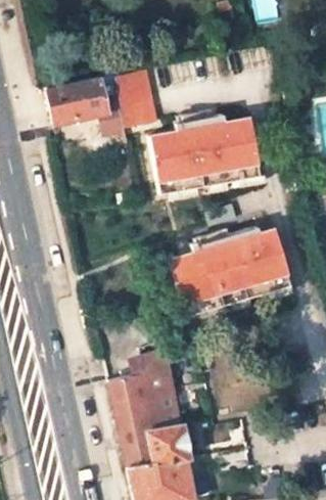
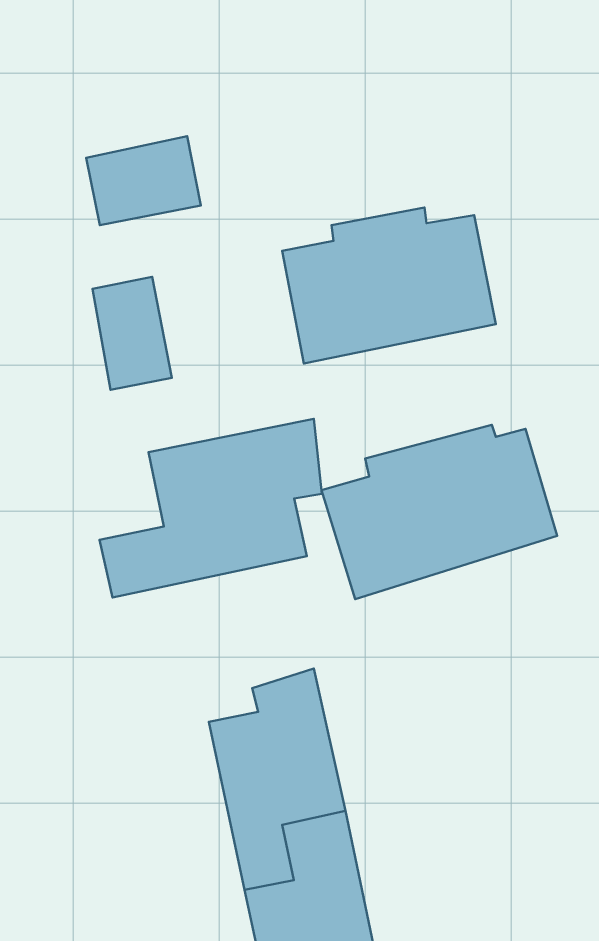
building: [115,69,156,127] -> [93,277,172,390]
building: none -> [100,419,322,597]

